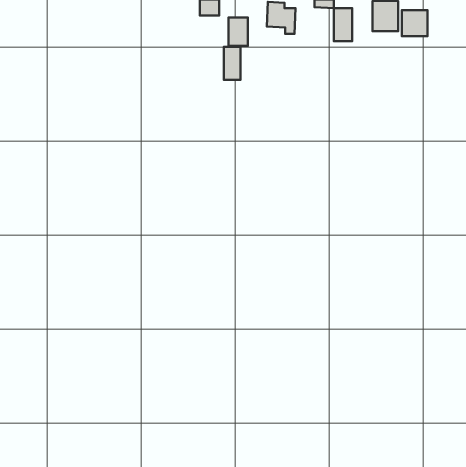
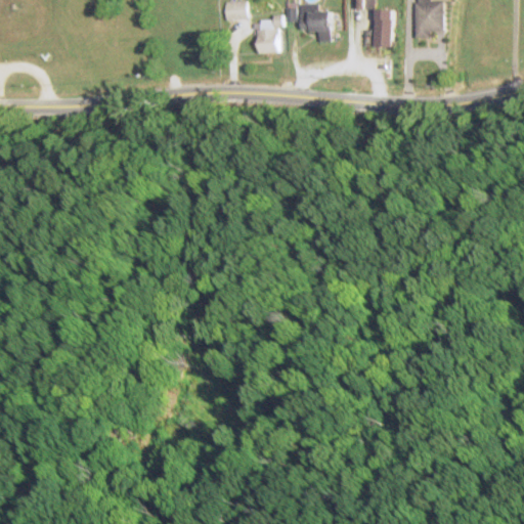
building: [402,10,427,36] -> none
building: [224,47,240,80] -> none

